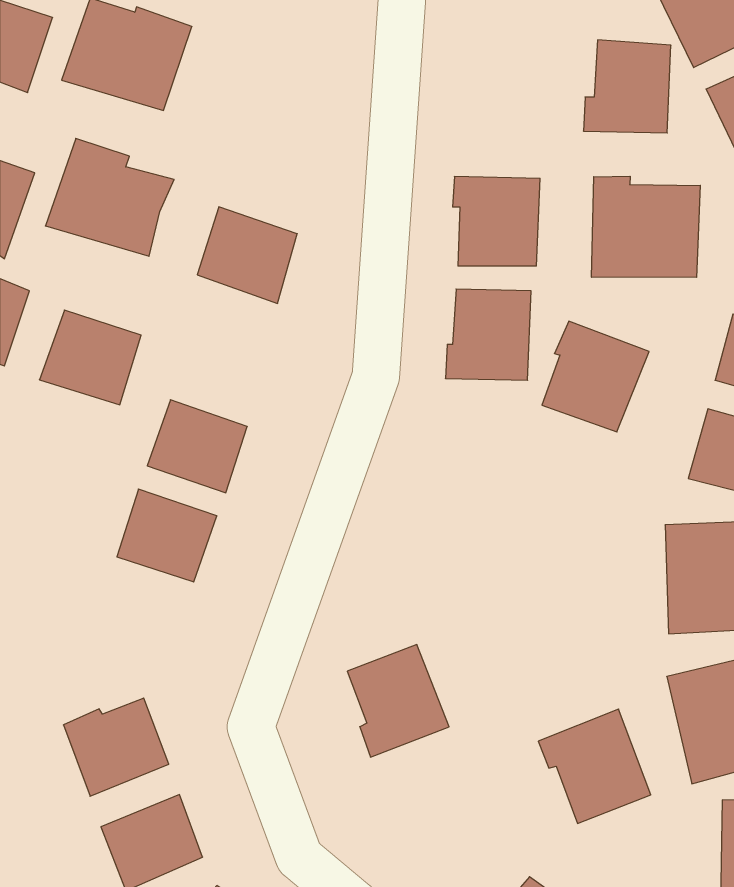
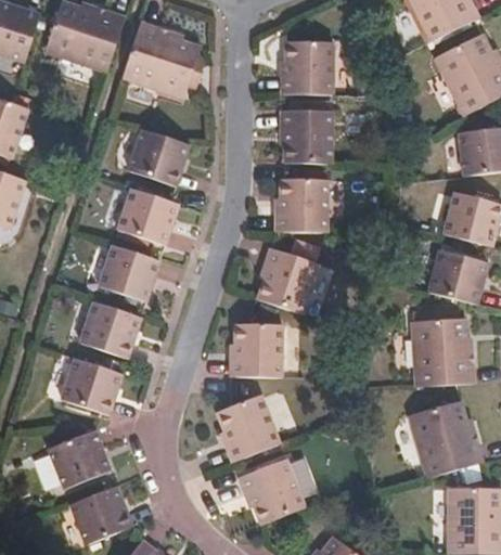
building: [583,40,671,133] -> [284,38,337,94]
building: [45,138,174,256] -> [127,23,205,94]
building: [592,176,700,277] -> none
building: [39,310,141,405] -> [115,188,177,245]
building: [542,321,649,432] -> [256,248,321,315]
building: none -> [228,324,285,377]
building: none -> [60,357,119,412]
building: [538,709,651,823] -> [236,455,305,525]

